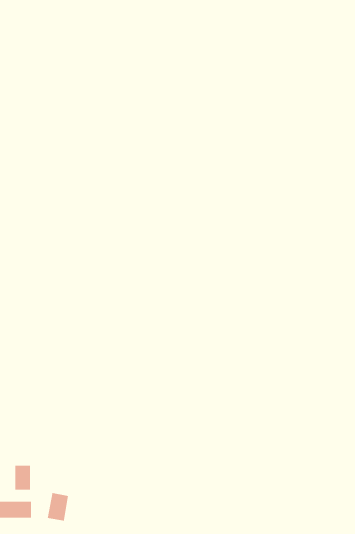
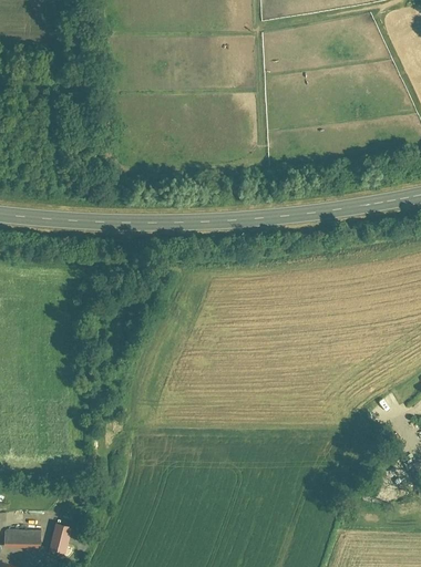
building: [15,465,31,491] -> none

